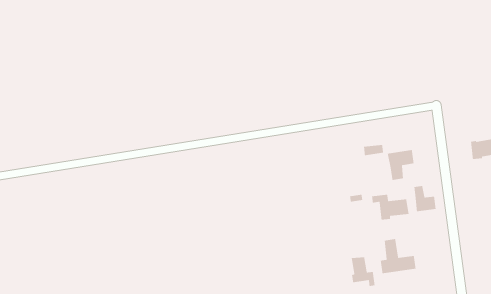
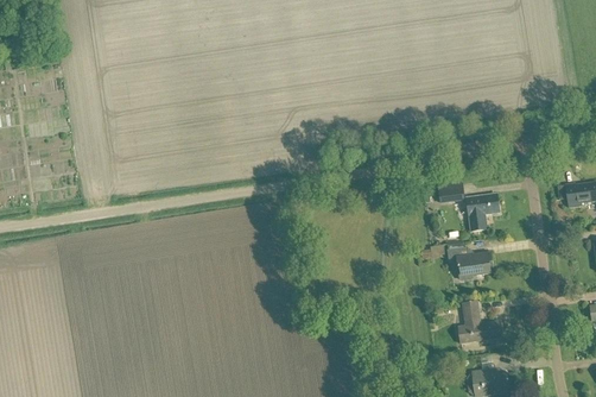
building: [413,185,437,212] -> none
building: [351,256,376,287] -> none

